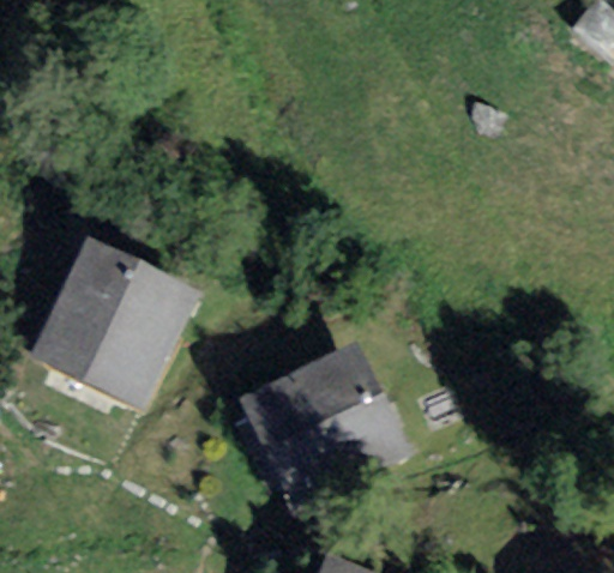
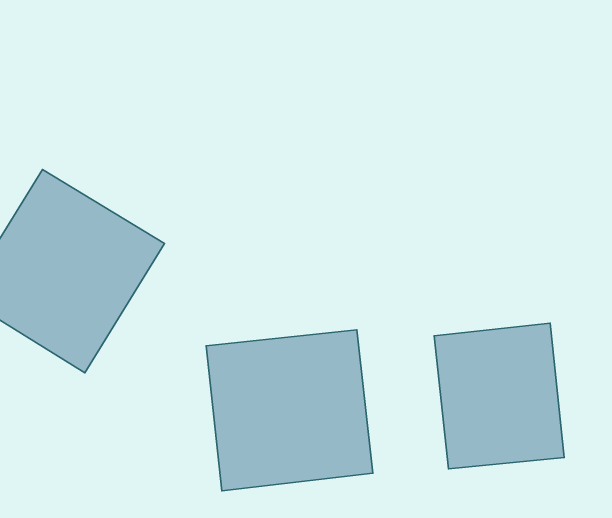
building: none -> [434,323,564,469]

